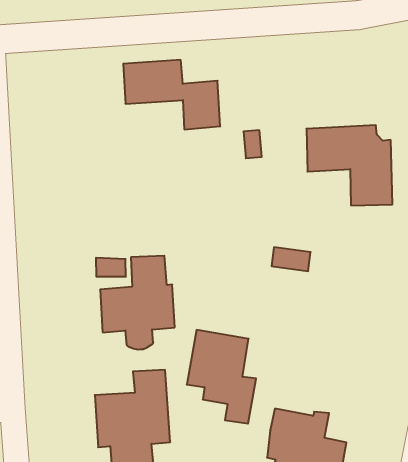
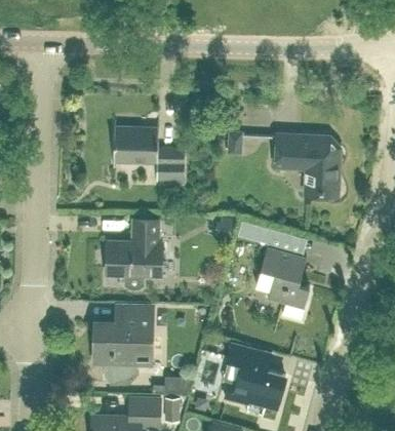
building: [123,60,220,129] -> [112,128,184,183]
building: [187,330,256,424] -> [256,246,310,321]

